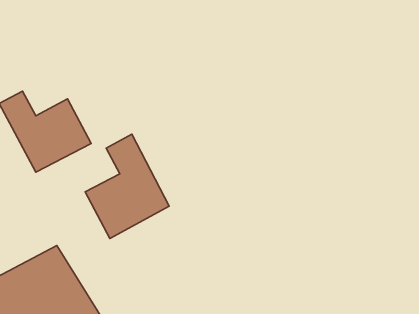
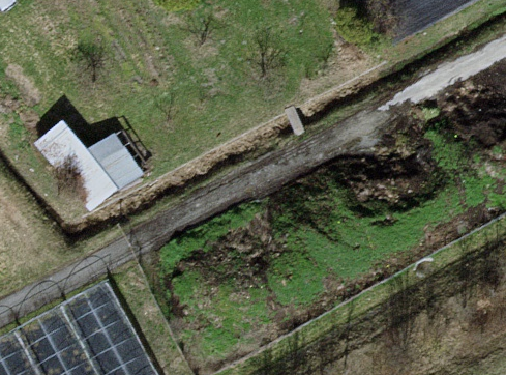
building: [85,134,169,238] -> none

